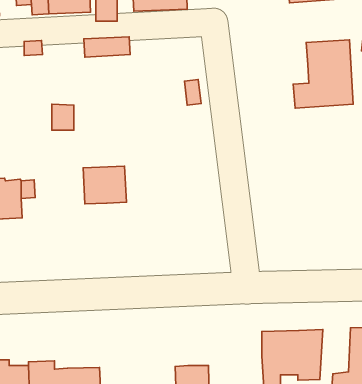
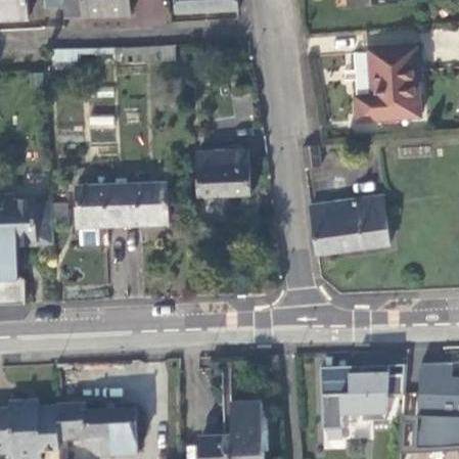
building: none -> [195,150,247,197]
building: none -> [77,187,124,247]
building: none -> [307,197,385,257]

